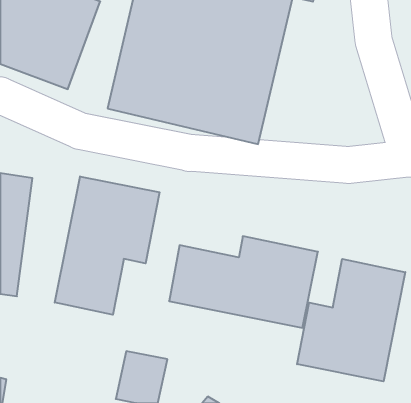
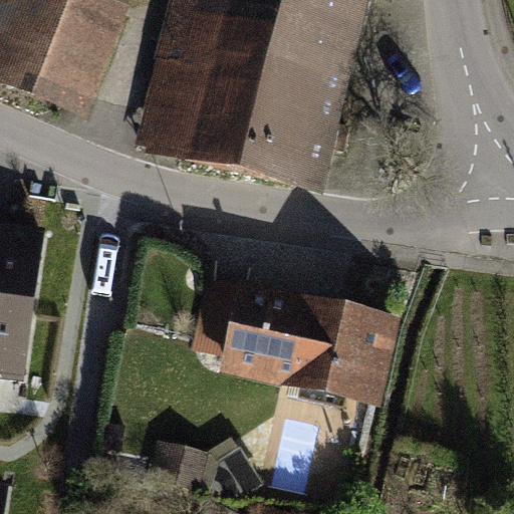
building: [55,176,160,315] -> none
building: [297,259,405,381] -> none

